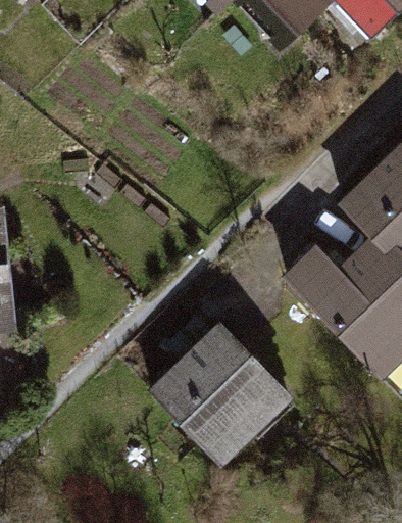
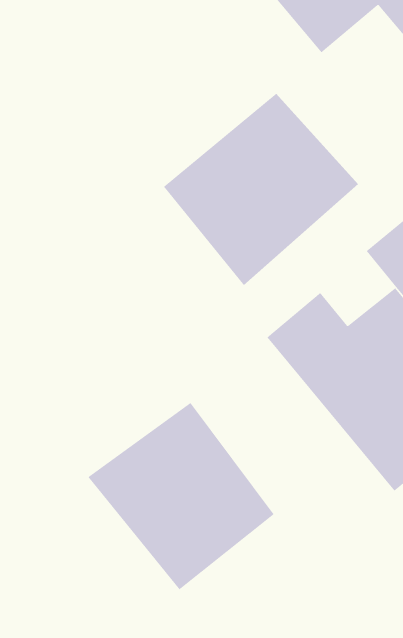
building: none -> [163,93,359,286]

